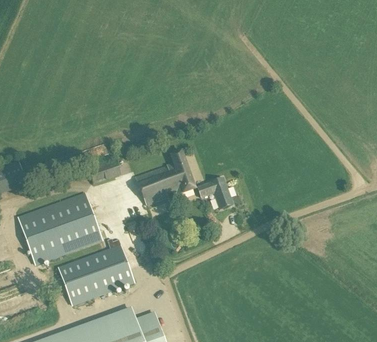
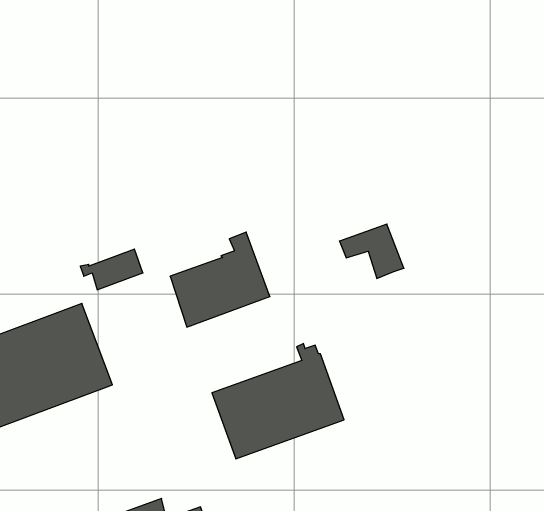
building: [197,176,235,208] -> [339,224,404,278]
building: [57,237,135,305] -> [212,344,344,459]

